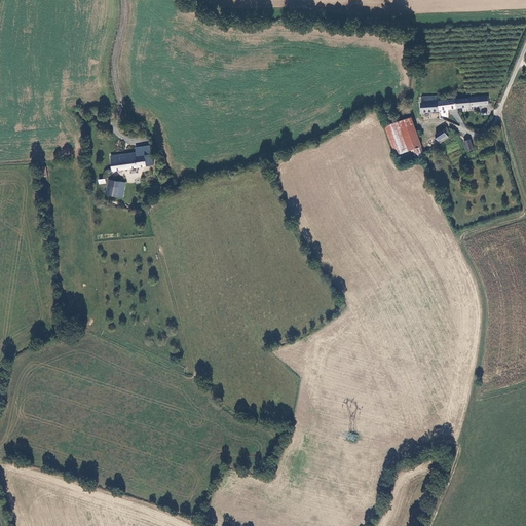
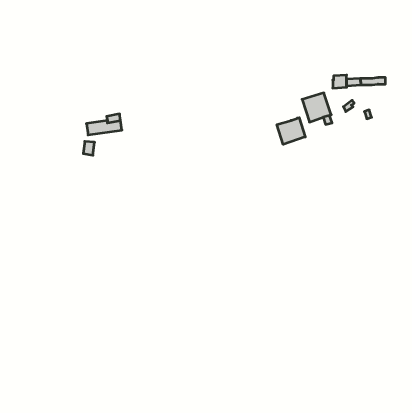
building: none -> [277,118,305,144]

